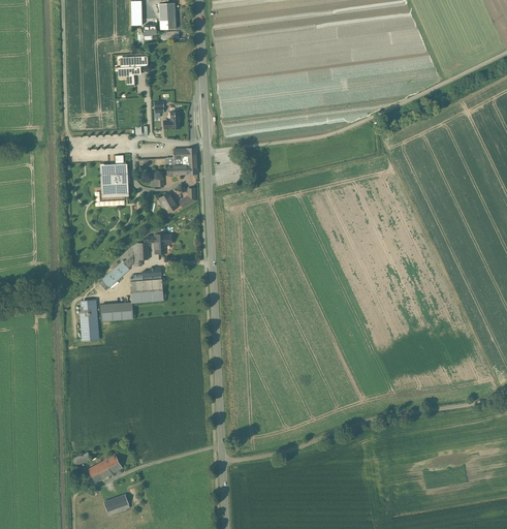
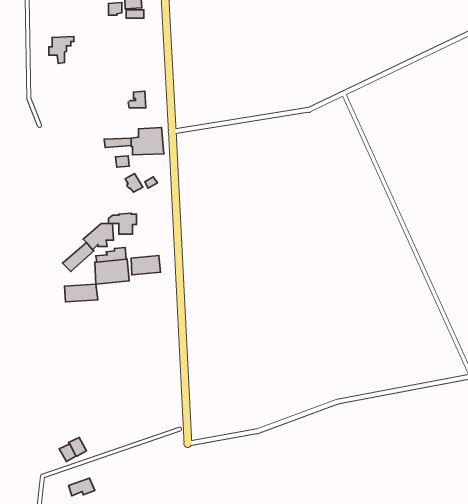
building: [118,57,142,84] -> [49,36,74,64]
building: [99,163,128,197] -> none
building: none -> [131,256,160,275]
building: [77,300,98,341] -> none

